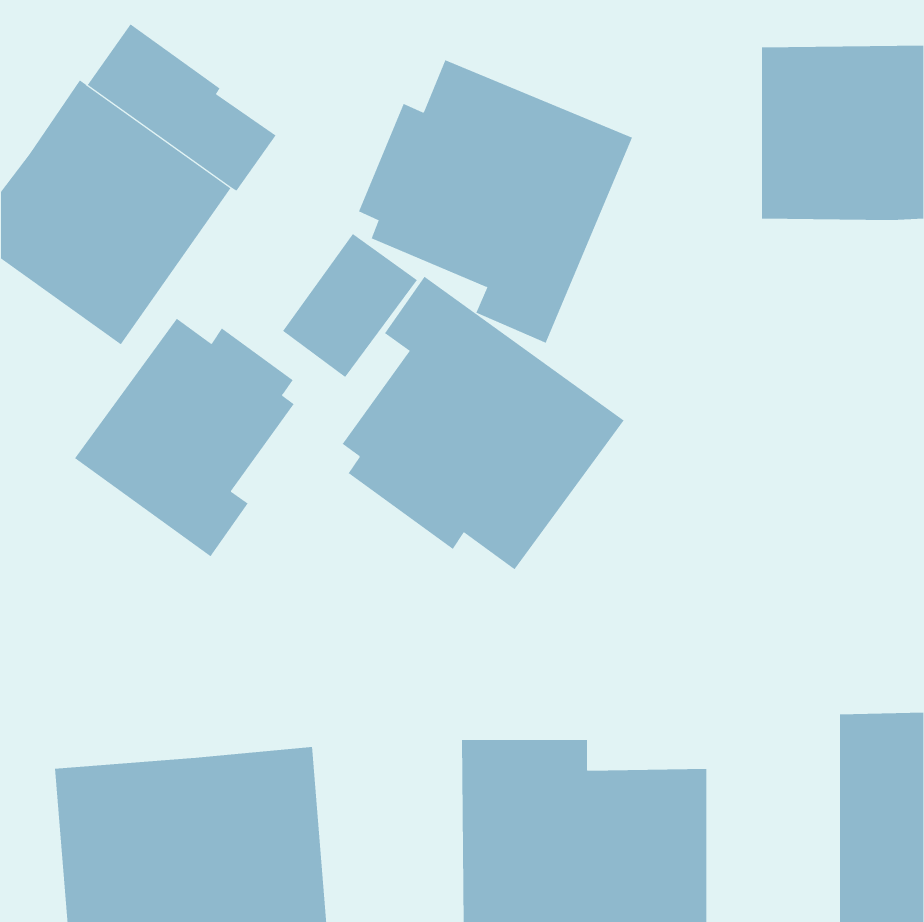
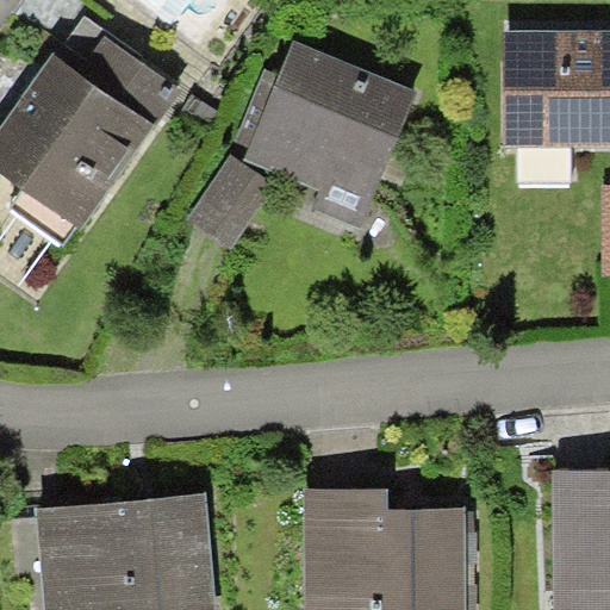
building: [342,276,625,570] -> none
building: [74,318,295,557] -> none

